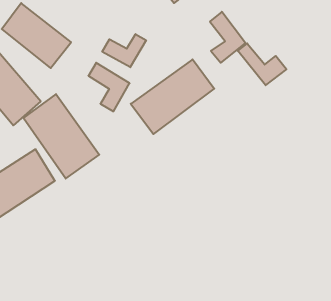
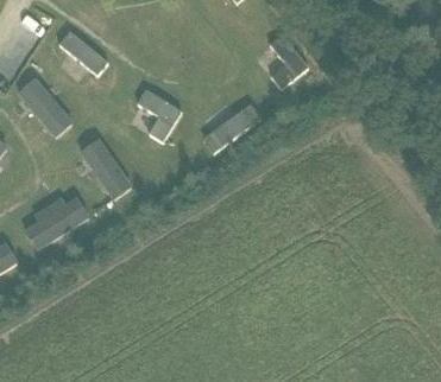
building: [102,34,146,67] -> none
building: [238,43,286,85] -> none

